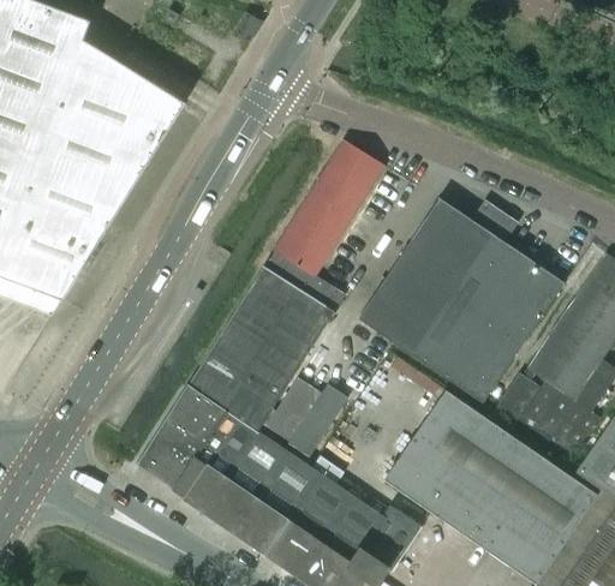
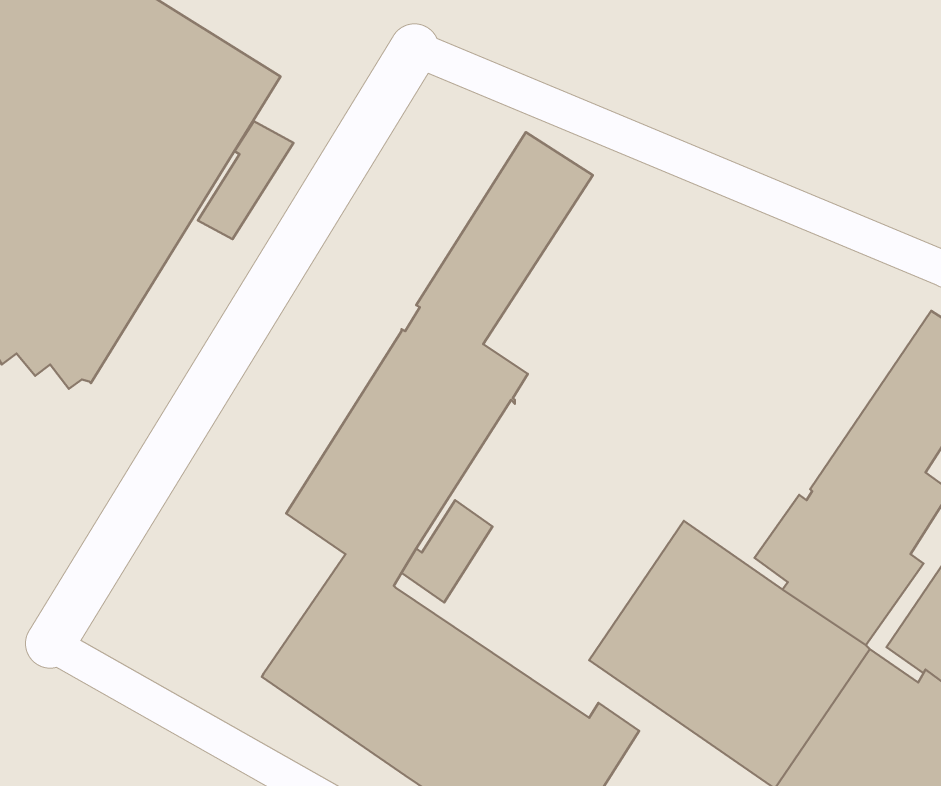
building: none -> [198,121,293,239]
building: [357,199,563,403] -> none
building: [136,384,226,489] -> none
building: [289,389,347,459] -> none

